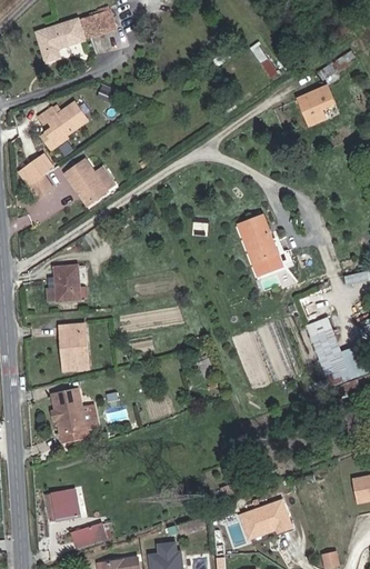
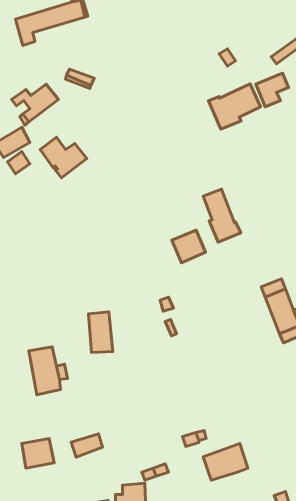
building: none -> [208,84,261,129]
building: none -> [172,230,206,263]
building: [48,267,81,301] -> none
building: [62,325,89,369] -> [89,312,113,353]
building: [72,525,107,550] -> [71,434,103,457]

